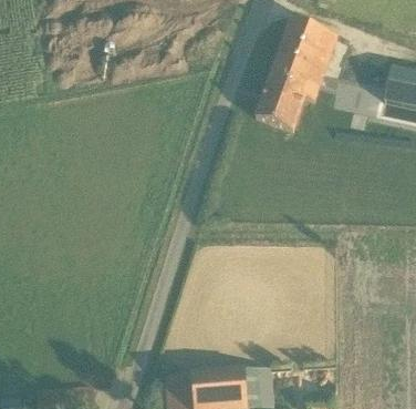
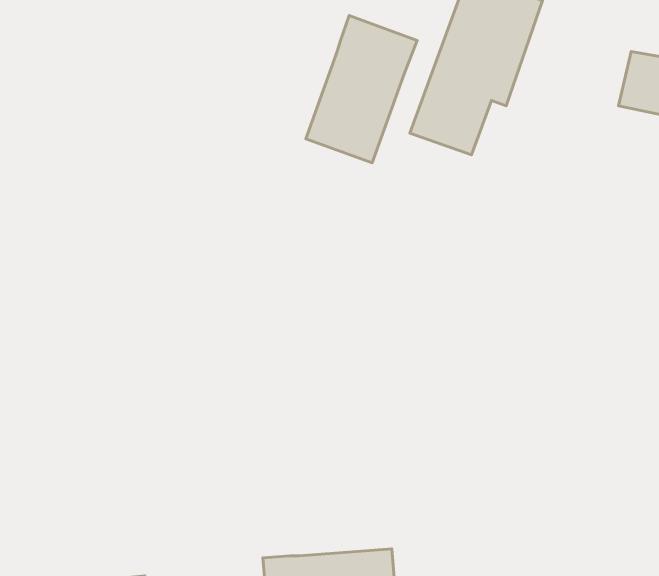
building: none -> [306,16,417,163]

